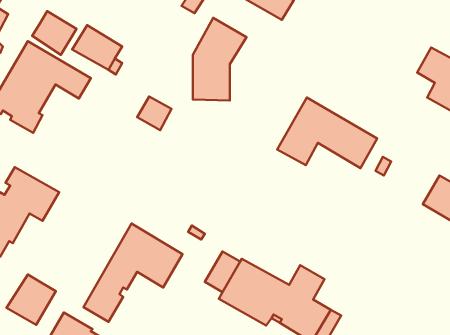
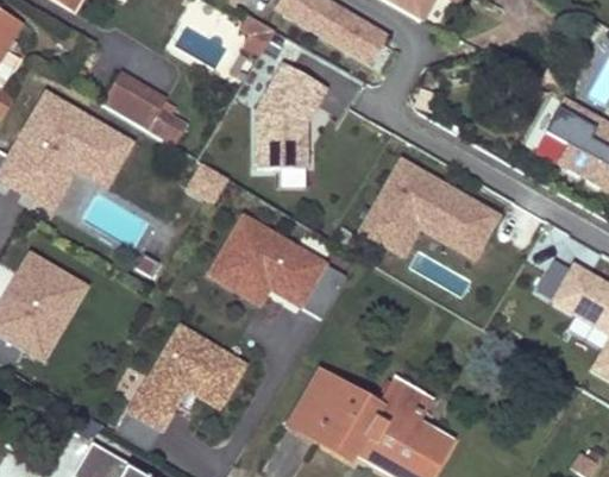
building: [32,11,76,55] -> none
building: none -> [212,214,349,318]
building: [7,275,56,325] -> none

